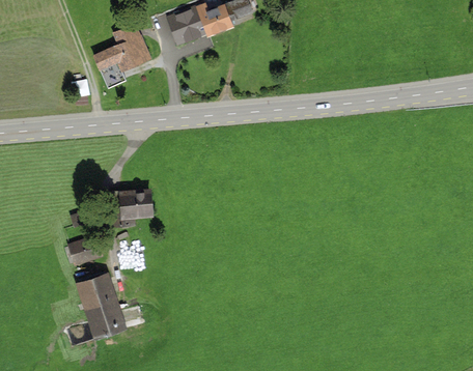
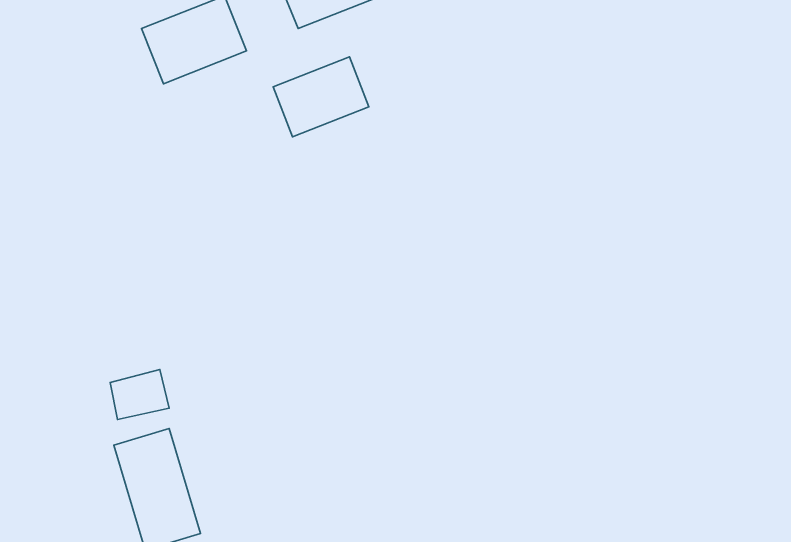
building: none -> [273,57,369,137]
building: [111,189,155,218] -> none

